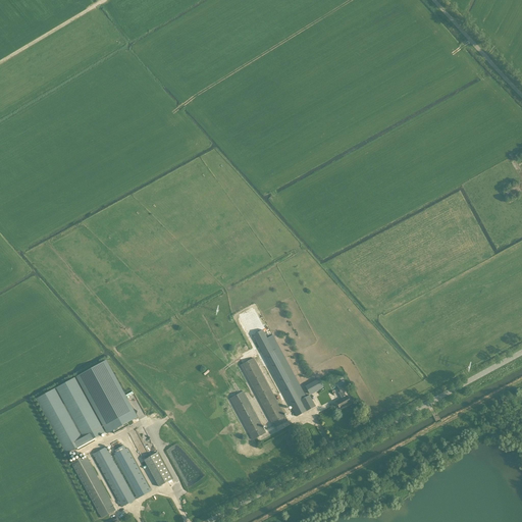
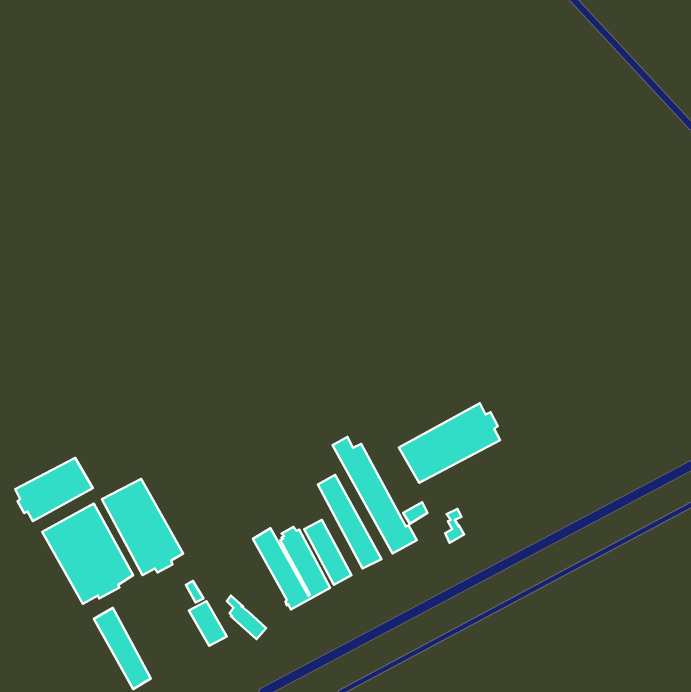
building: none -> [399,403,500,483]
building: none -> [15,458,93,521]
building: [91,445,149,507] -> [253,527,330,609]

